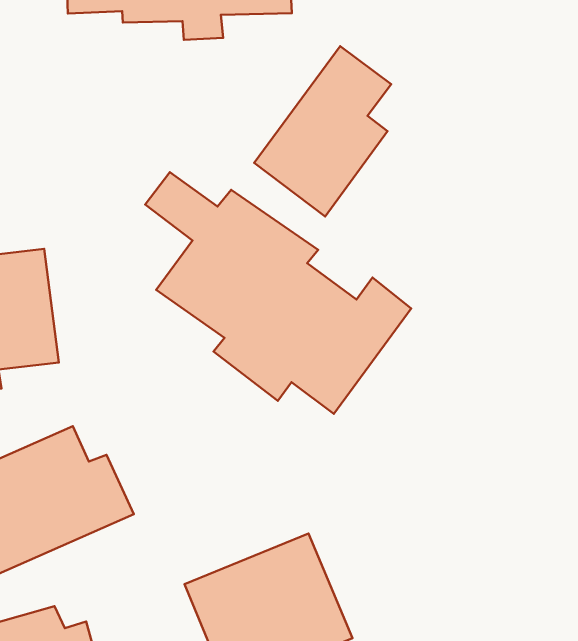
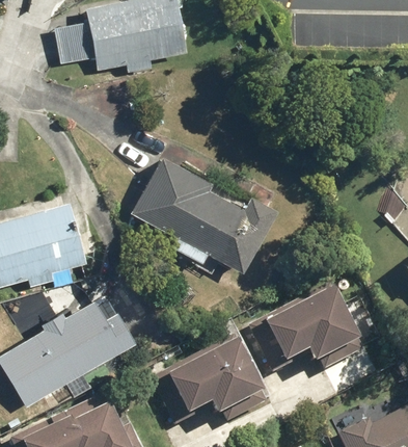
building: [254,46,391,217] -> none
building: none -> [267,287,363,372]

